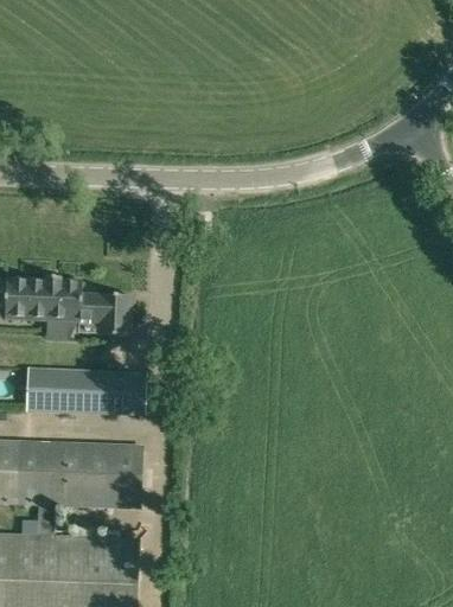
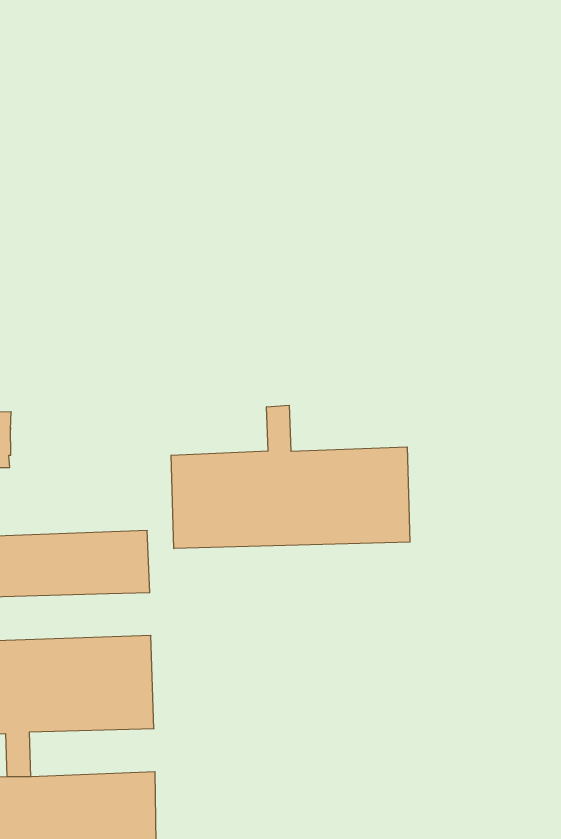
building: none -> [171,405,410,549]
building: [51,294,129,339] -> none

